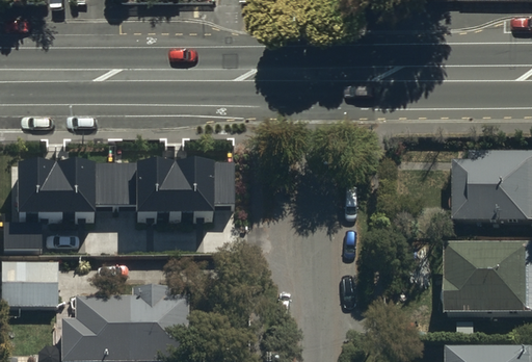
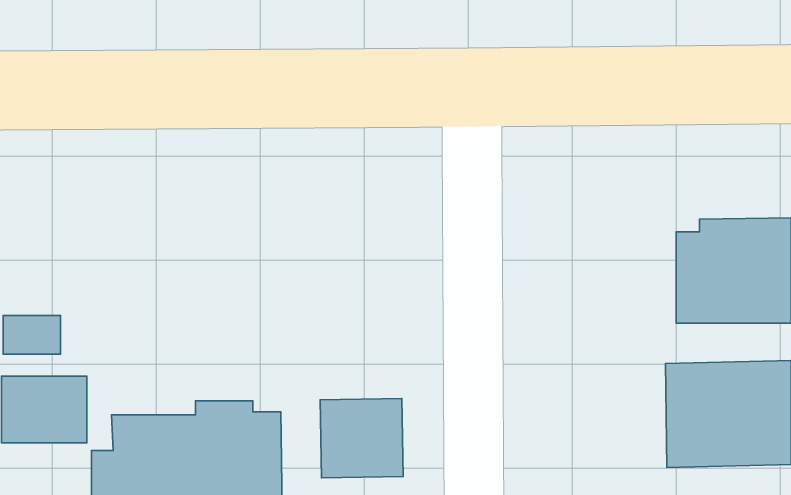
building: [18,158,233,215] -> none
building: none -> [320,398,403,478]

